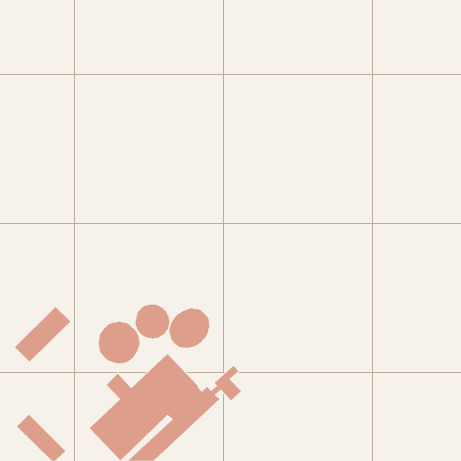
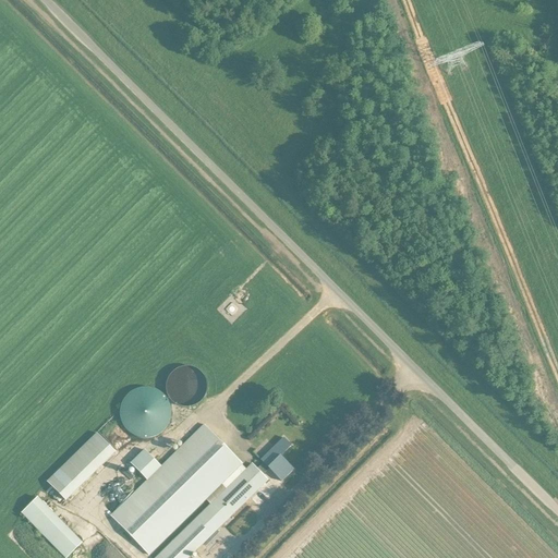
building: [14,306,71,362] -> [47,433,116,500]
building: [169,308,210,349] -> none

